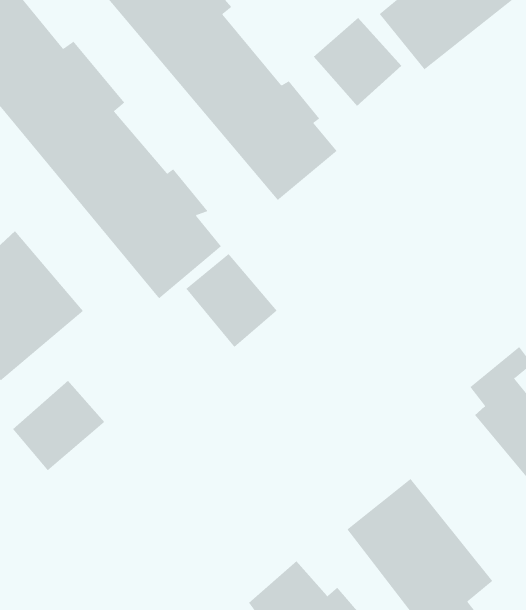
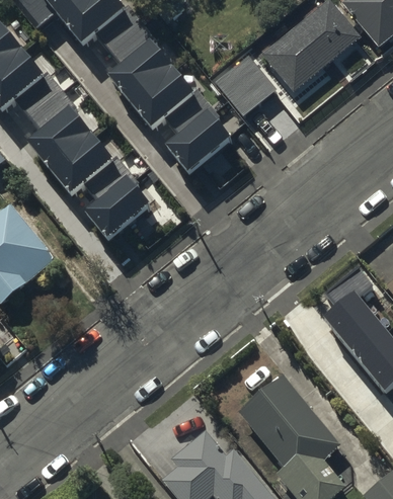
building: [186,253,278,348] -> none
building: [12,380,105,471] -> none

